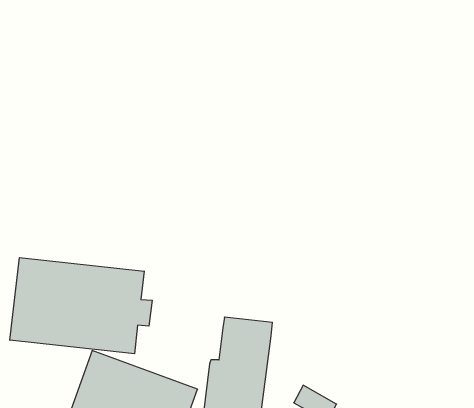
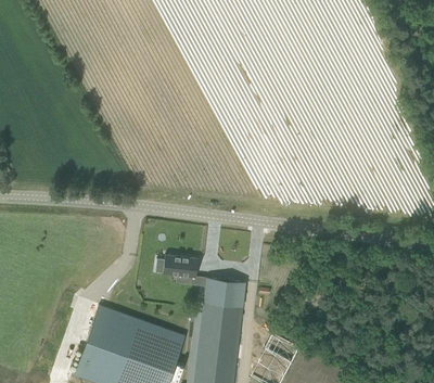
building: [10,258,152,354] -> none
building: none -> [157,255,200,277]

